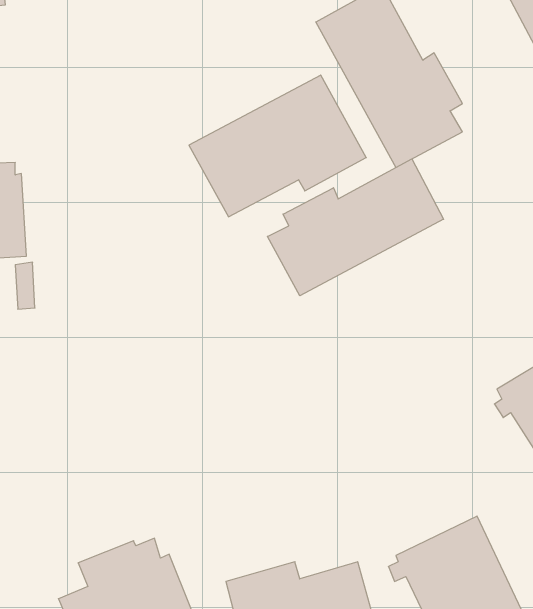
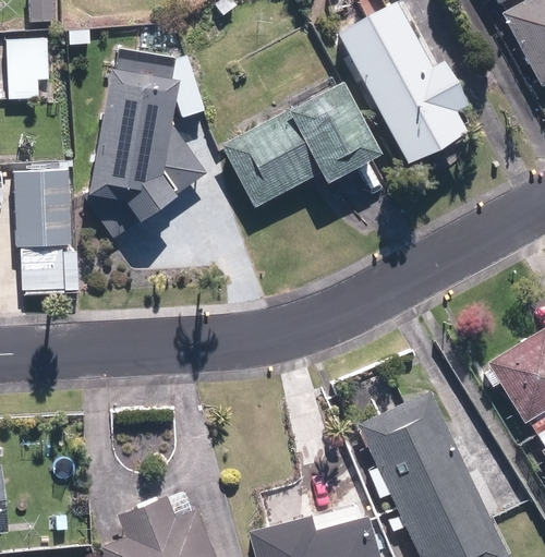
building: none -> [84,72,208,239]
building: [267,159,444,296] -> none
building: none -> [363,390,474,509]

